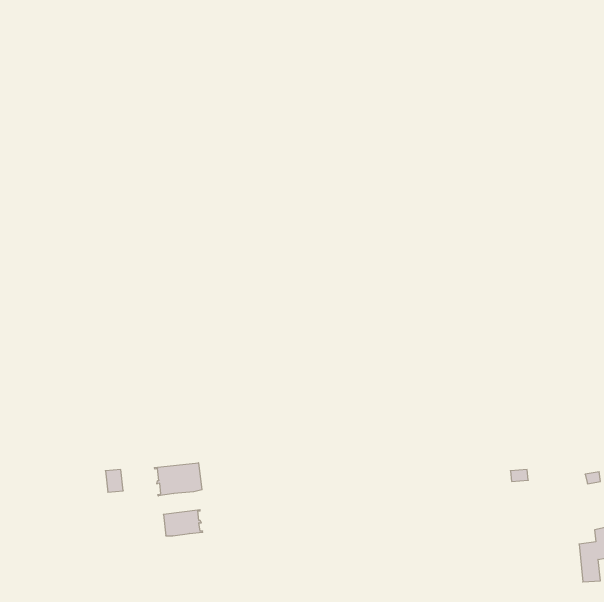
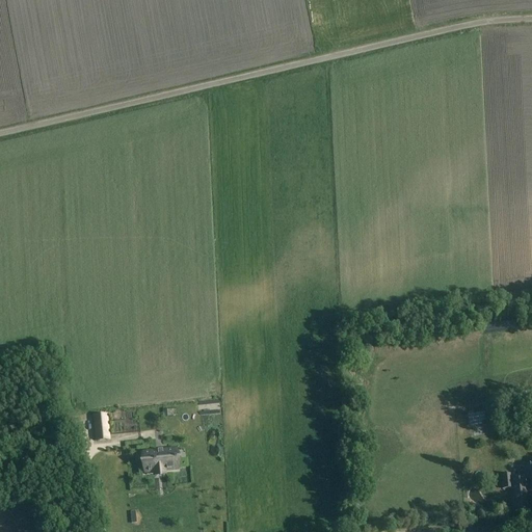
building: [154,463,202,496] -> none

